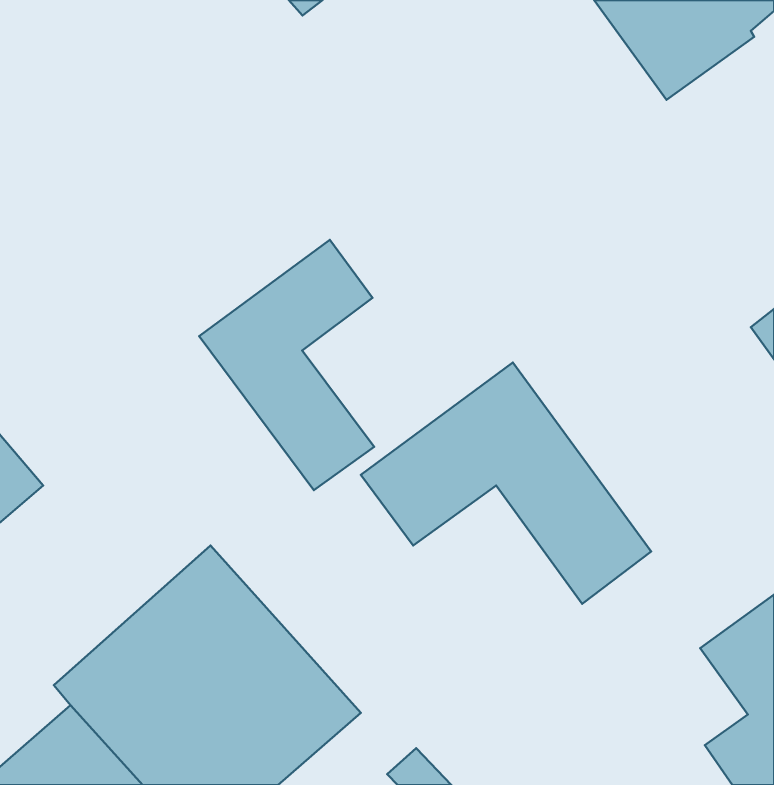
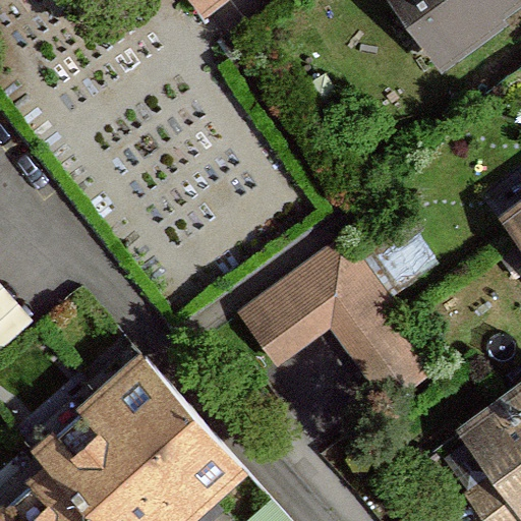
building: [199,240,374,490] -> none

